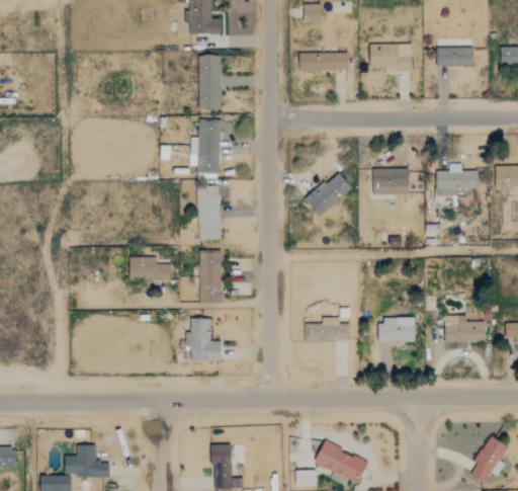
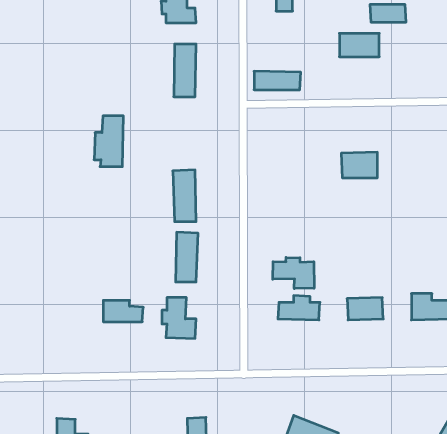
building: [436,48,473,66] -> [370,5,406,22]
building: [299,52,348,71] -> [254,71,301,90]
building: [189,120,220,173] -> [94,116,123,167]
building: [434,170,477,207] -> none
building: [305,171,352,217] -> none
building: [130,257,171,279] -> [103,300,143,322]
building: none -> [273,257,314,289]

